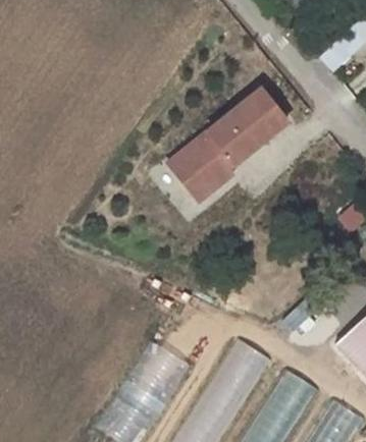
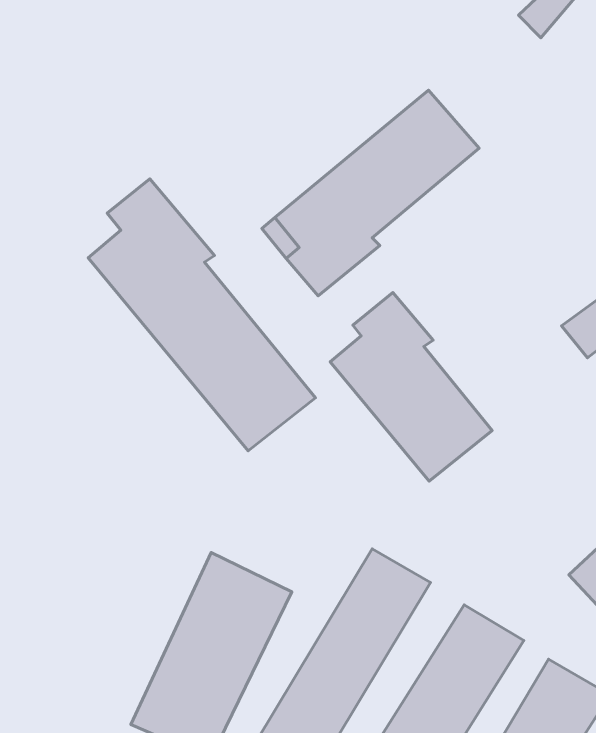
building: none -> [88,179,316,451]
building: none -> [330,293,492,481]

